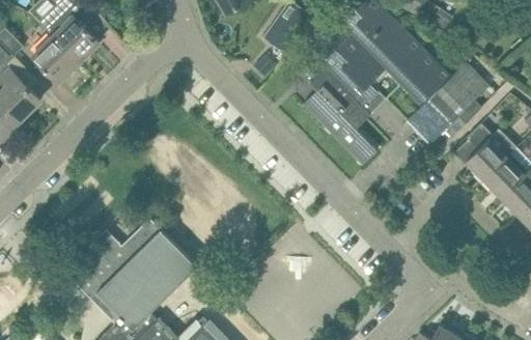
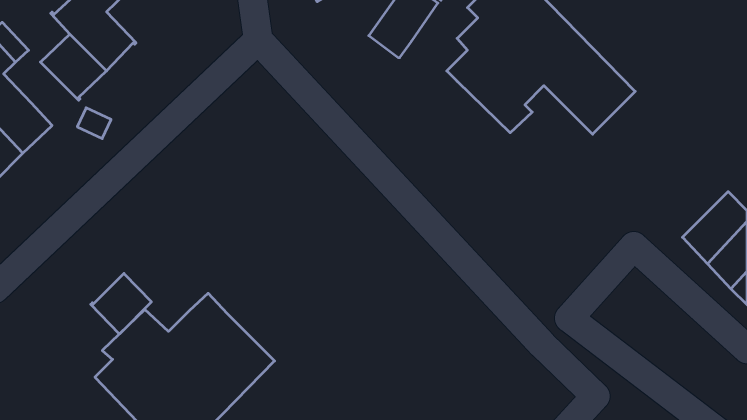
building: [411,61,490,144] -> none
building: [303,68,378,165] -> none
building: [466,122,516,178] -> none
building: none -> [91,273,151,334]

